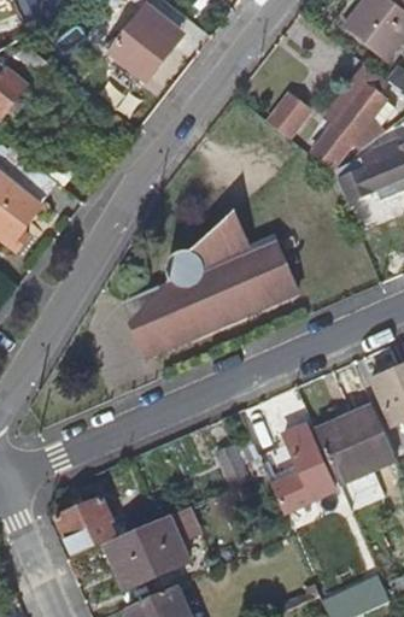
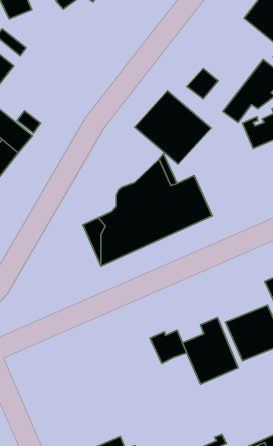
building: [109,12,175,80] -> none
building: none -> [135,91,211,164]
building: [55,495,112,551] -> none
building: [101,507,198,592] -> none

